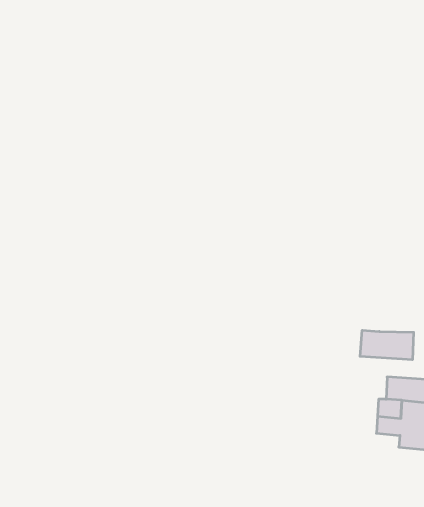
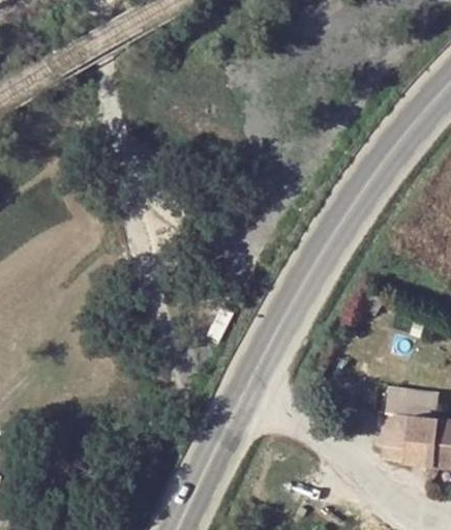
building: [360,330,414,360] -> none

